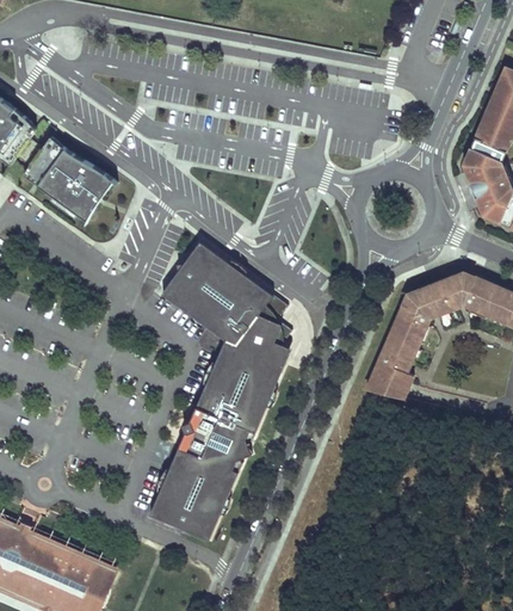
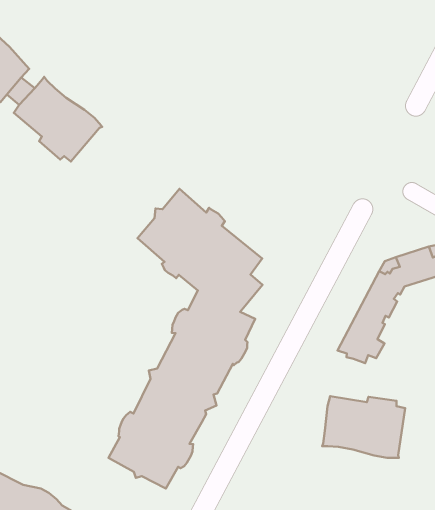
building: none -> [322,396,405,458]

